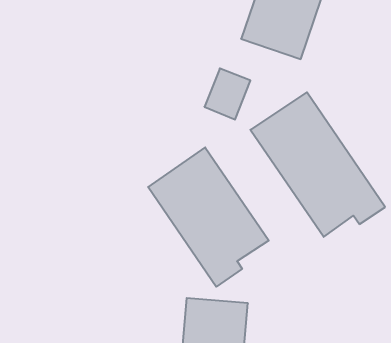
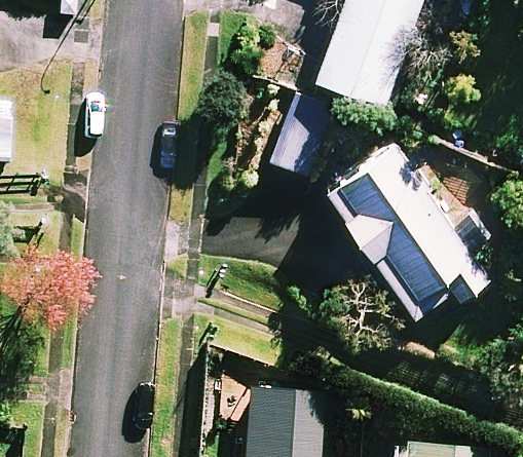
building: [148,147,269,287] -> none

